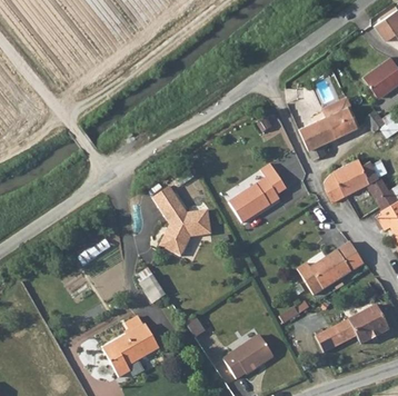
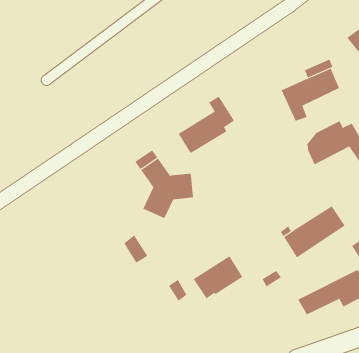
building: [230,164,287,221] -> [178,96,235,154]
building: [102,314,158,374] -> none
building: [223,335,273,378] -> [193,256,243,299]

